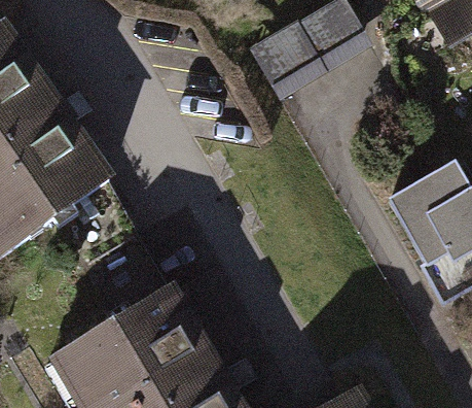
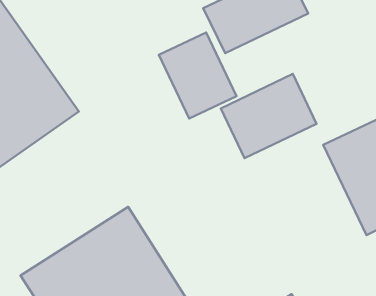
building: none -> [159,33,237,118]
building: none -> [221,74,316,158]

